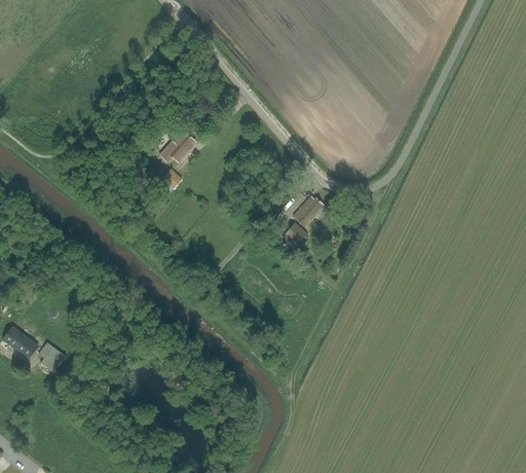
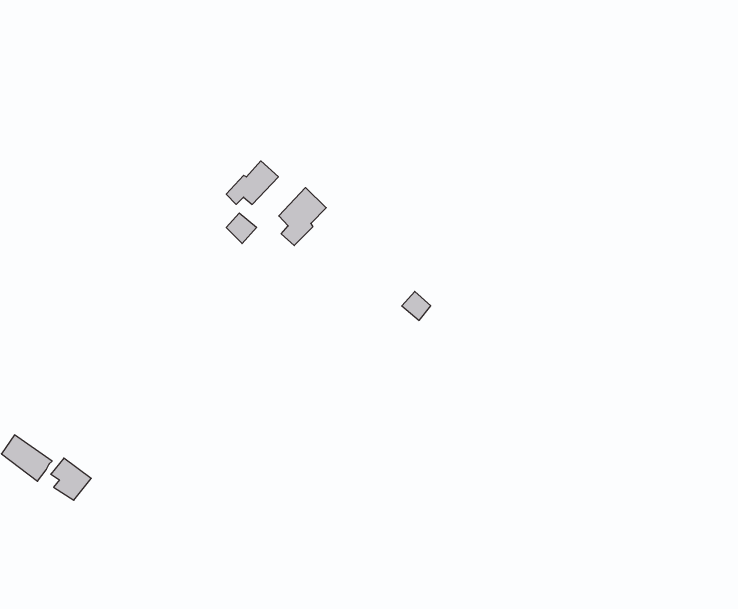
building: none -> [279,188,326,246]
building: [293,195,325,226] -> none

